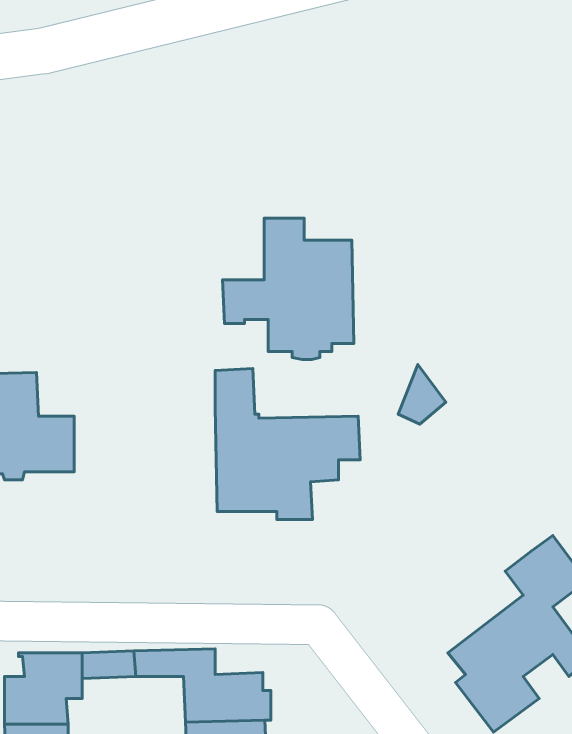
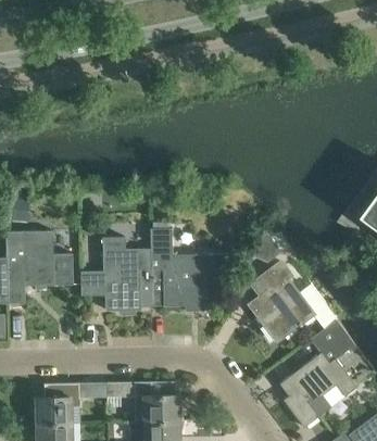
building: [223,218,354,359] -> [80,238,152,315]
building: none -> [249,262,337,341]

